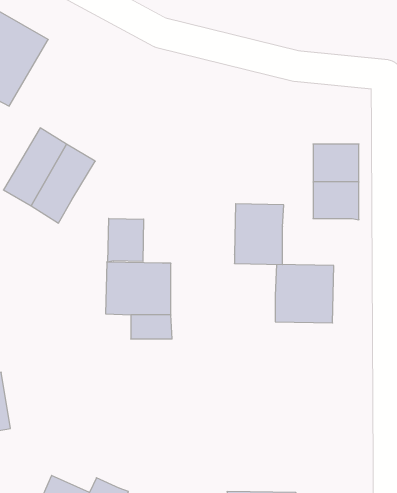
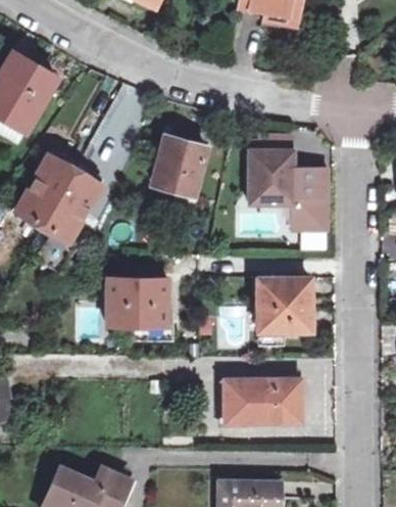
building: none -> [152,134,206,193]
building: [234,204,284,265] -> [249,148,293,202]
building: [108,218,144,262] -> none
building: none -> [224,379,305,428]

